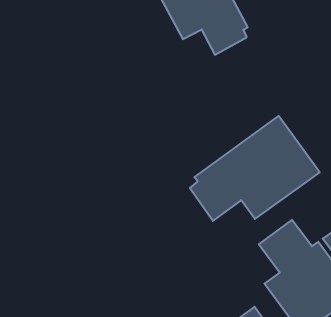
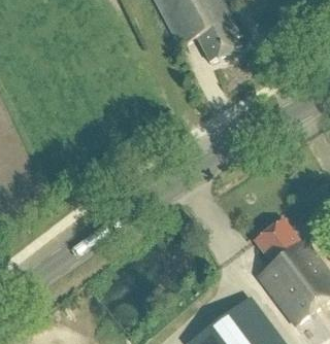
building: [190,116,320,221] -> none

